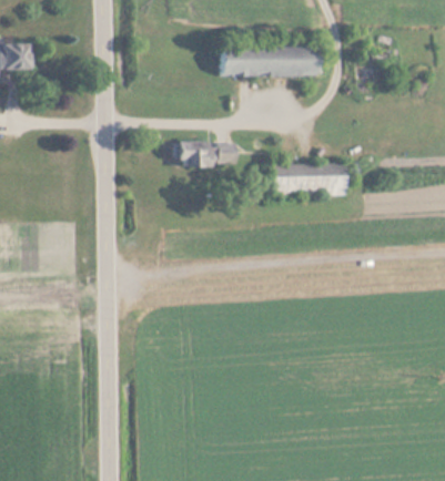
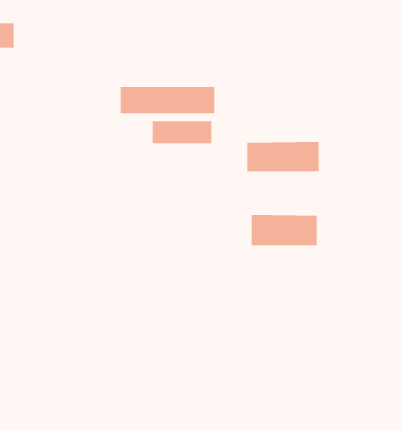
building: [221,47,320,75] -> [120,86,215,114]
building: none -> [251,214,318,246]

